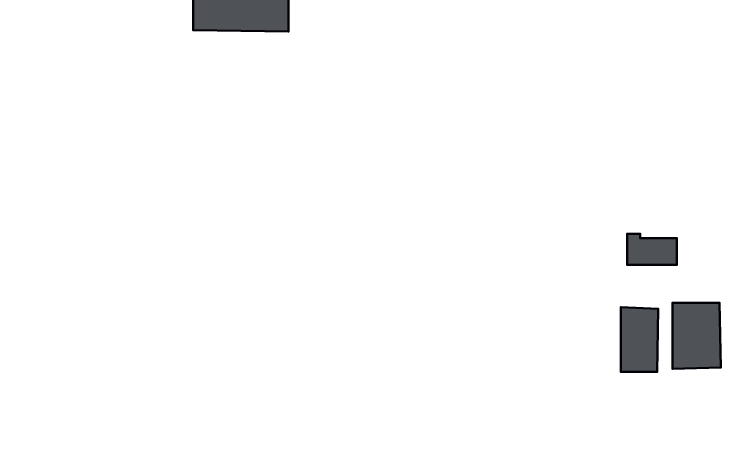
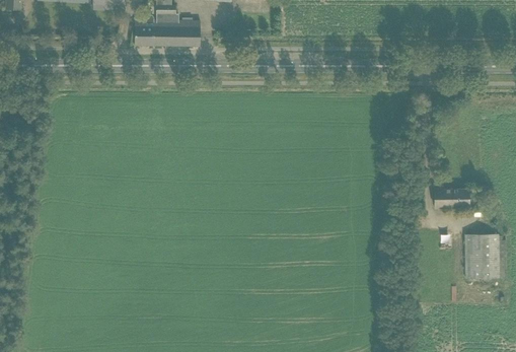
building: [621,307,658,372] -> none

